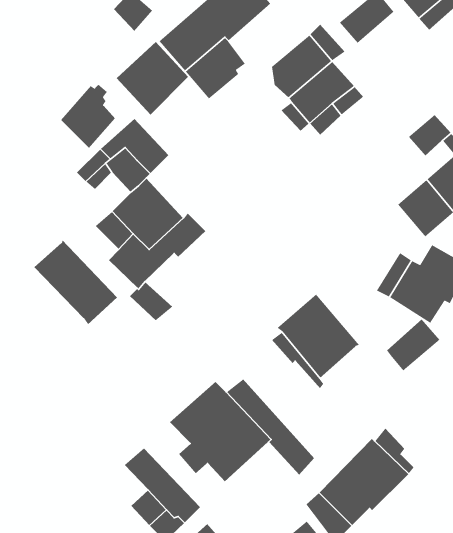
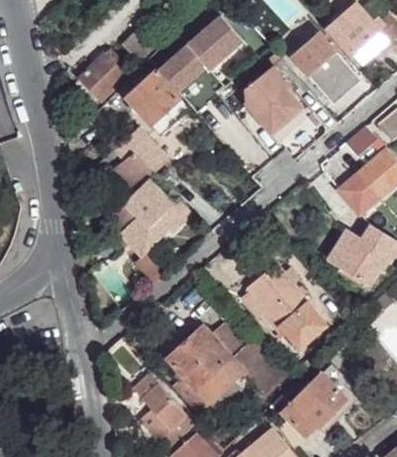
building: none -> [307,48,359,101]
building: [60,84,116,149] -> [84,48,126,97]
building: [34,239,118,325] -> none
building: [386,318,440,372] -> [279,300,320,340]

